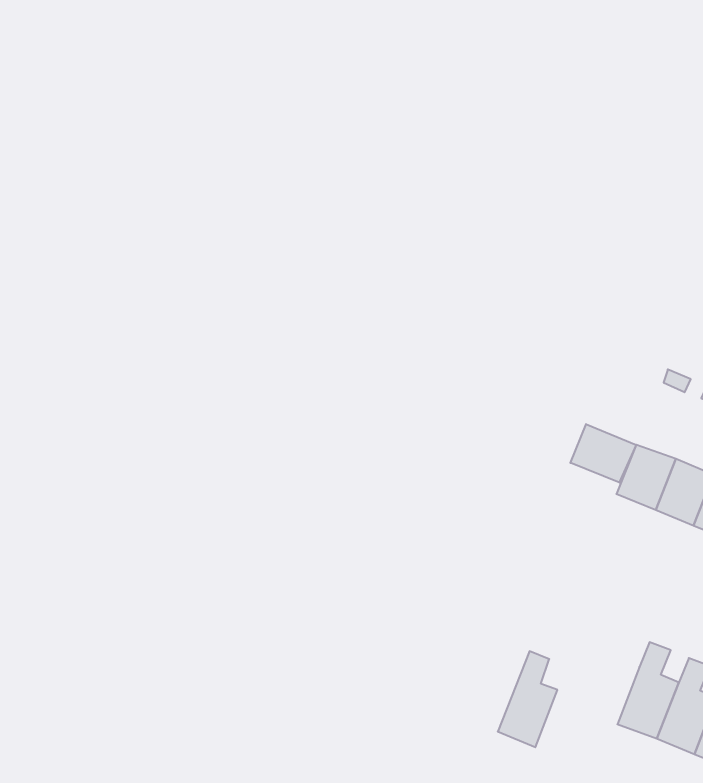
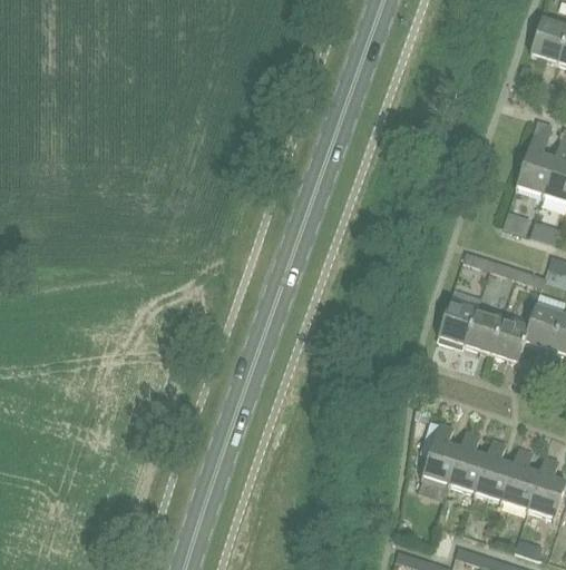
building: [570,424,636,483] -> none
building: [498,651,557,747] -> [423,422,461,485]

